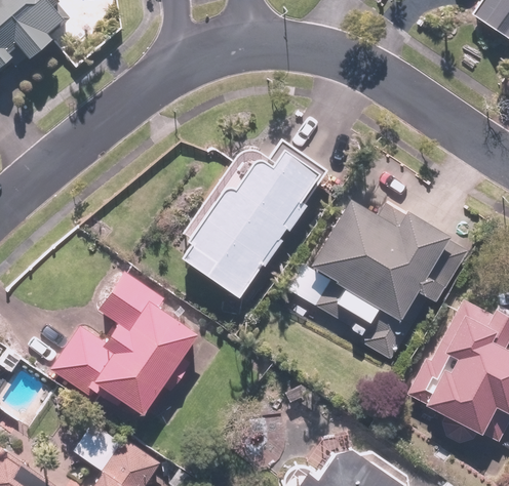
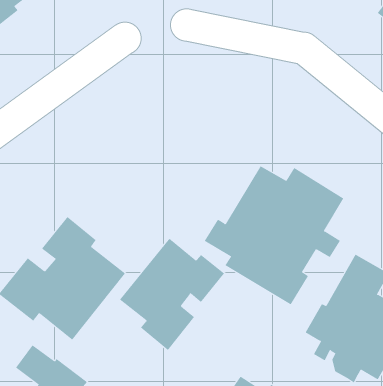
building: [182,137,329,299] -> none
building: none -> [119,238,225,351]

